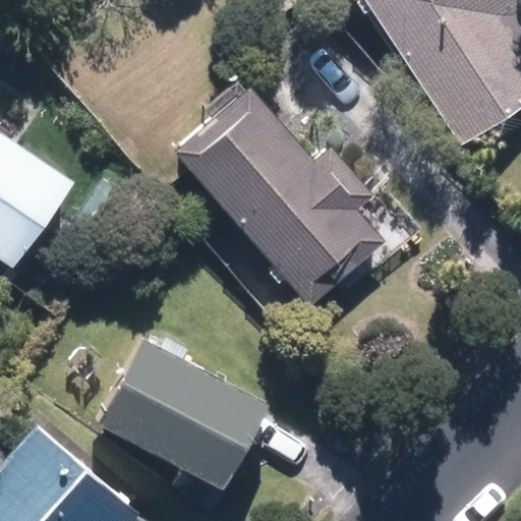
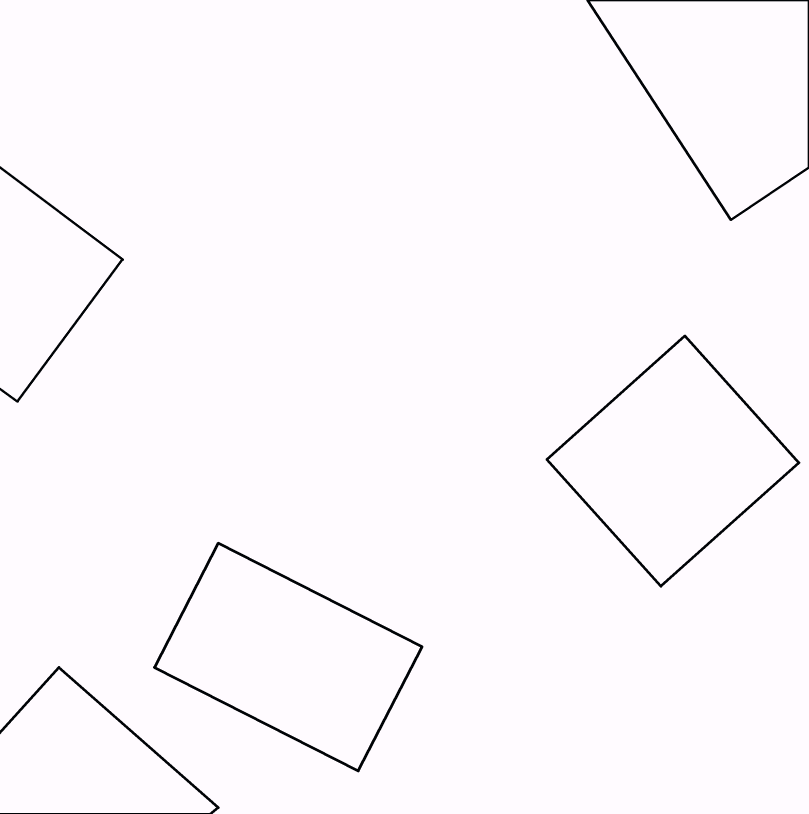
building: [174,88,379,301] -> none
building: none -> [547,336,799,586]

